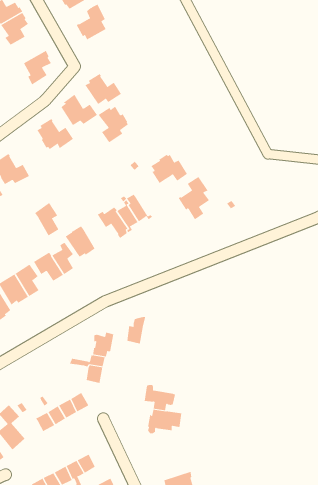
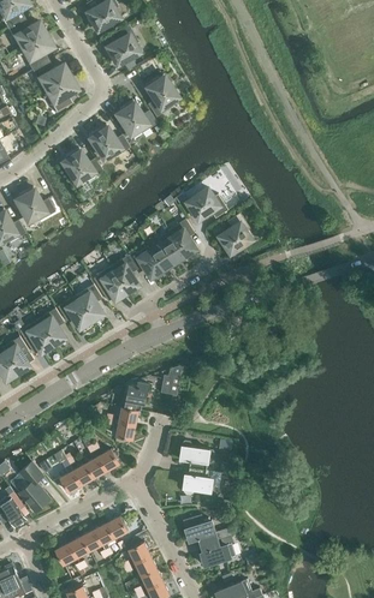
building: none -> [32,60,72,89]
building: [98,106,129,143] -> [143,72,177,113]
building: none -> [168,219,198,257]
building: [34,202,59,236] -> [111,255,138,292]
building: none -> [183,518,231,545]

